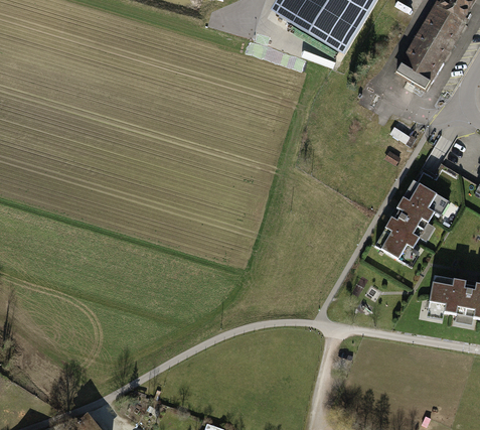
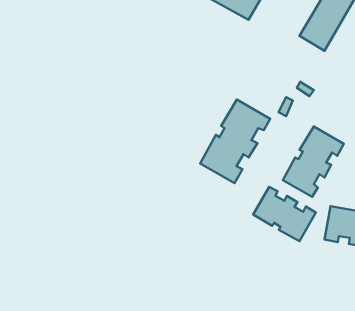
building: none -> [200,99,270,183]
building: none -> [253,187,316,241]

